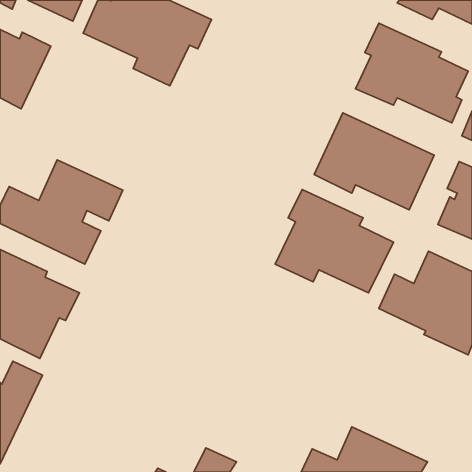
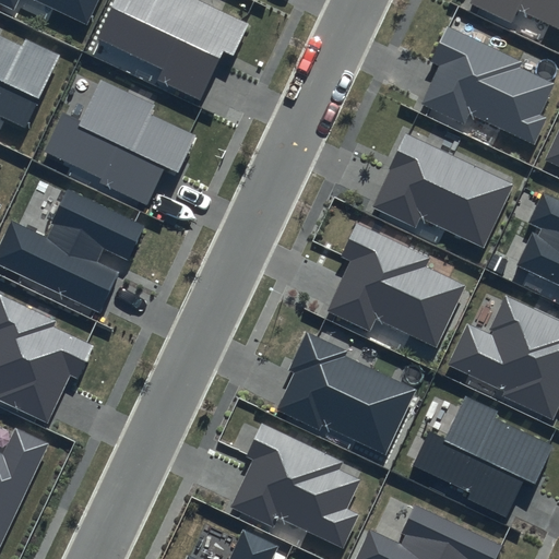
building: none -> [44,80,194,205]
building: none -> [274,331,415,453]
building: none -> [413,396,554,519]
building: none -> [230,424,359,549]

